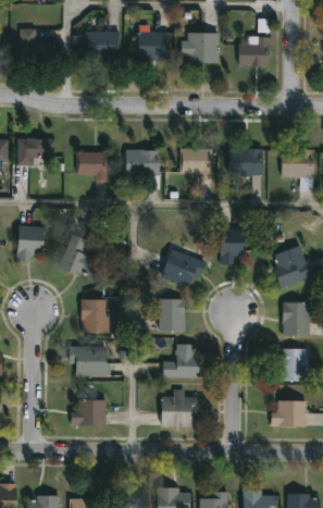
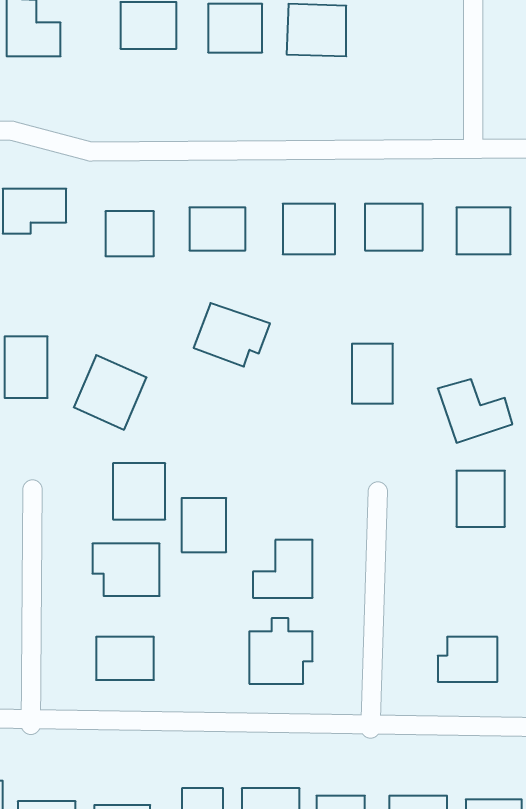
building: [239,37,269,66] -> none
building: [161,250,206,287] -> [194,303,270,367]
building: [158,299,184,331] -> [182,498,226,552]
building: [281,349,307,381] -> none

